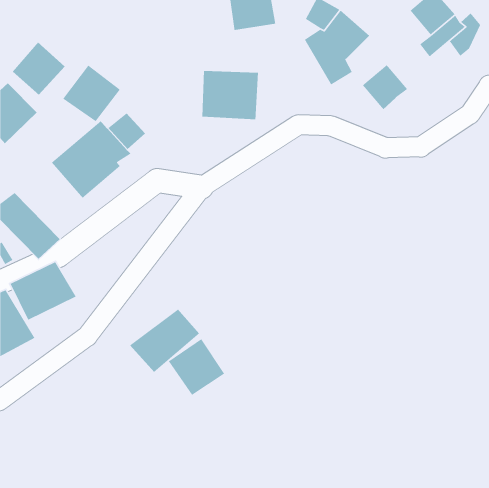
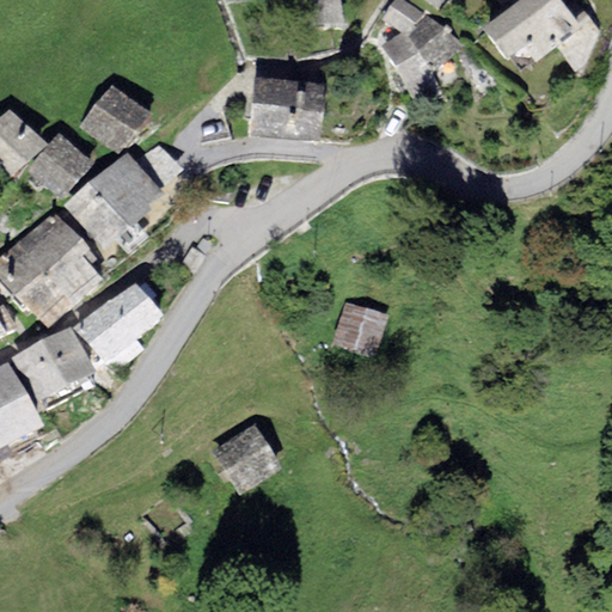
building: [12,42,66,95] -> [26,129,93,196]
building: [362,64,408,110] -> [479,13,537,71]
building: none -> [18,215,103,298]
building: none -> [332,300,386,353]
building: [129,309,200,373] -> [73,281,161,361]

